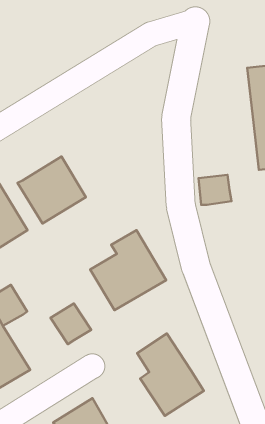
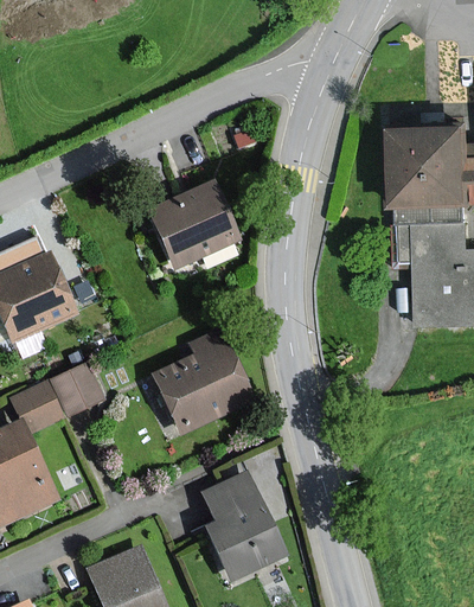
building: [17,156,86,224] -> [148,180,237,267]
building: [198,175,231,205] -> none
building: [50,303,91,344] -> [49,363,101,416]

